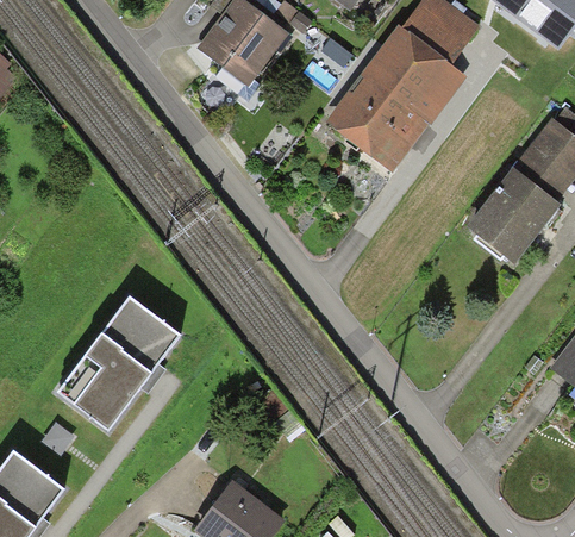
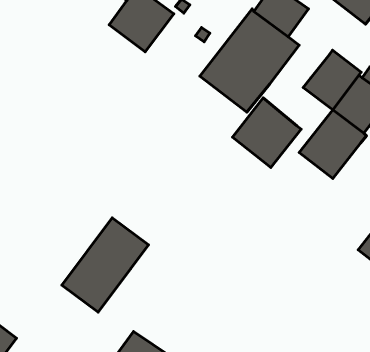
building: none -> [303,50,361,110]
building: none -> [233,98,301,167]
building: [57,299,180,432] -> [62,218,148,312]

